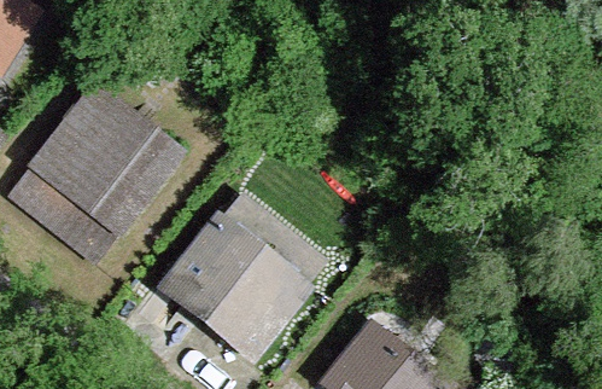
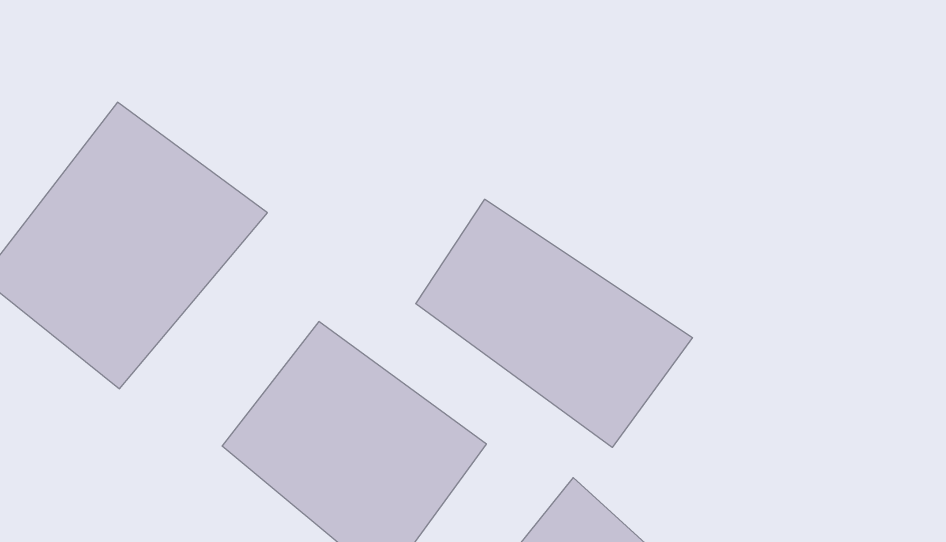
building: none -> [416,199,692,447]

